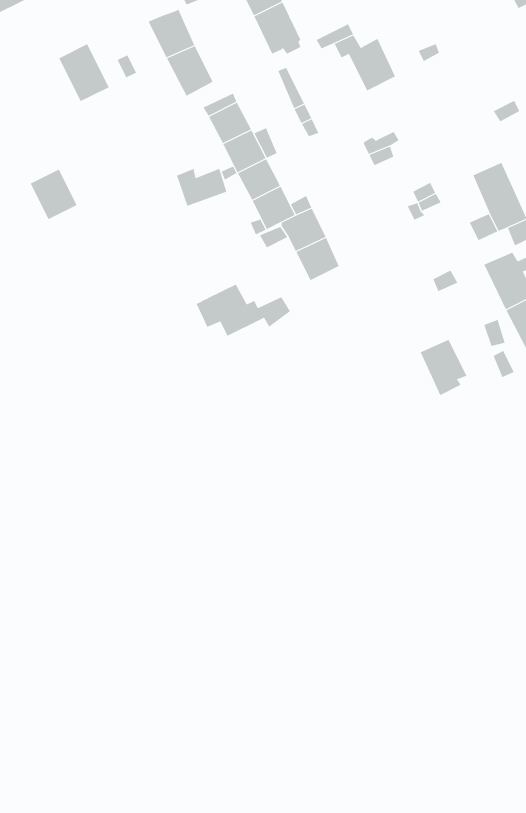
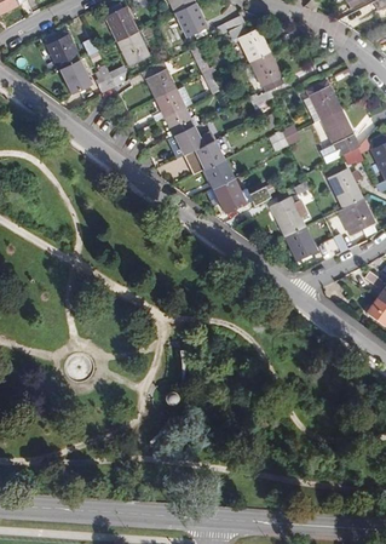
building: none -> [250,52,283,87]
building: none -> [304,80,340,121]
building: [176,168,227,207] -> [93,67,127,92]
building: [30,169,77,220] -> [61,59,92,93]
building: [196,284,291,337] -> [206,178,269,213]
building: none -> [271,196,307,235]

